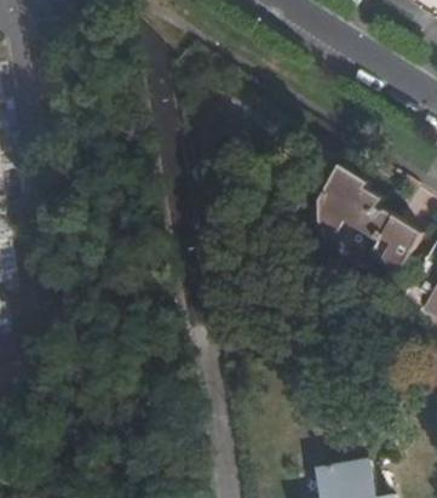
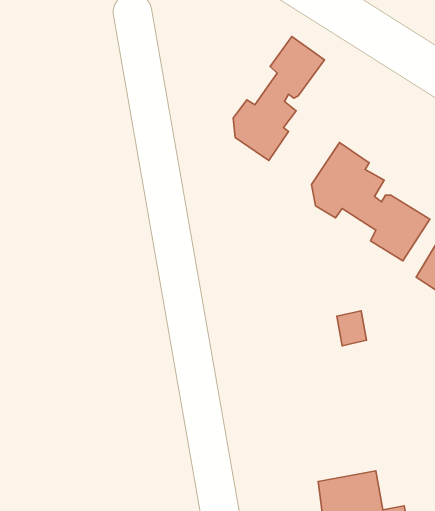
building: none -> [233,36,324,160]

